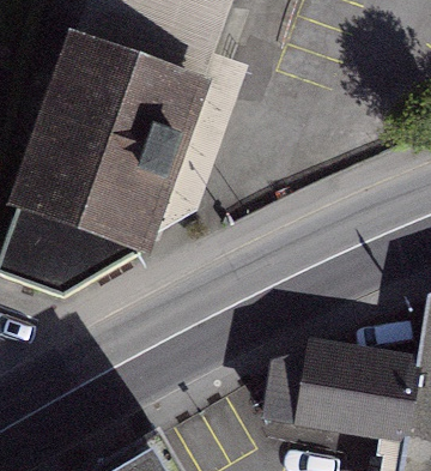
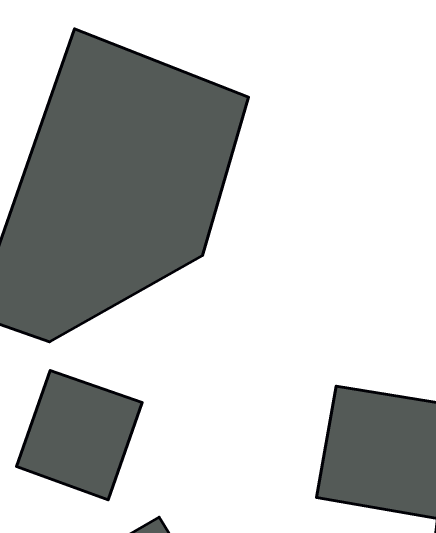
building: none -> [17,370,142,500]

